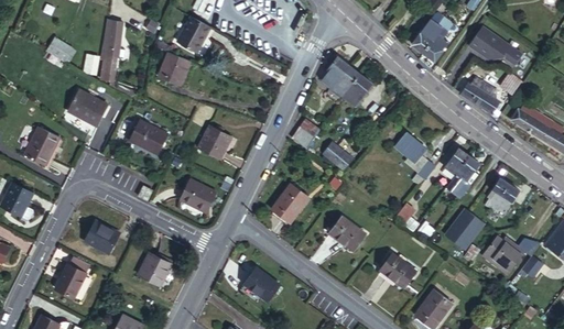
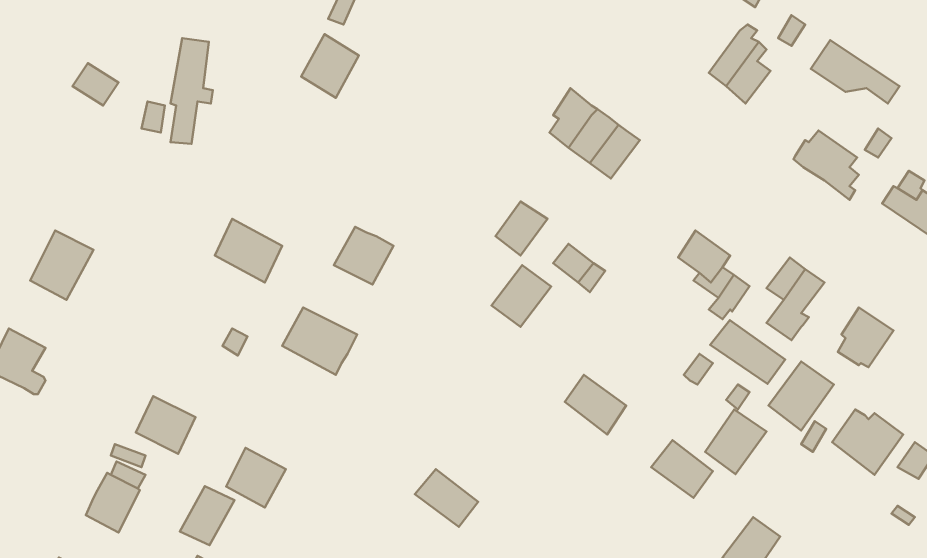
building: [159,54,189,86] -> none
building: [70,94,109,127] -> none
building: none -> [710,320,785,384]
building: [276,190,311,226] -> [492,265,551,327]
building: none -> [705,410,767,474]
building: none -> [180,486,234,545]

